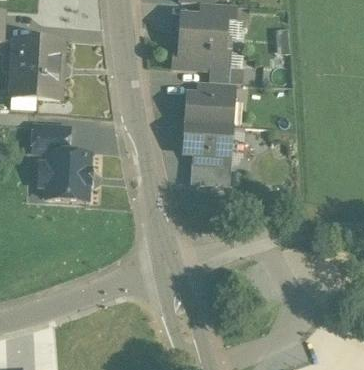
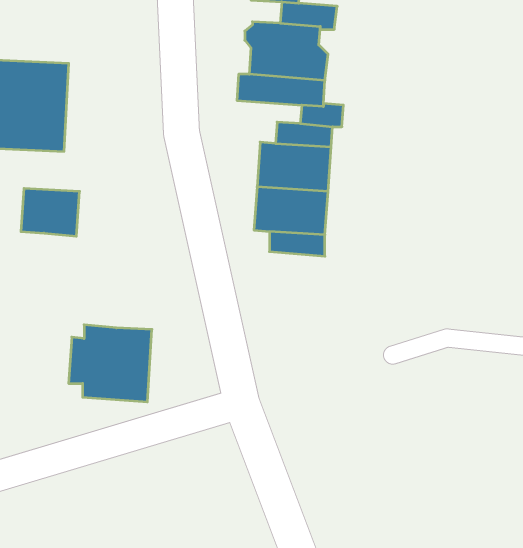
building: [36,152,90,202] -> [69,325,152,402]
building: [190,164,228,184] -> none

